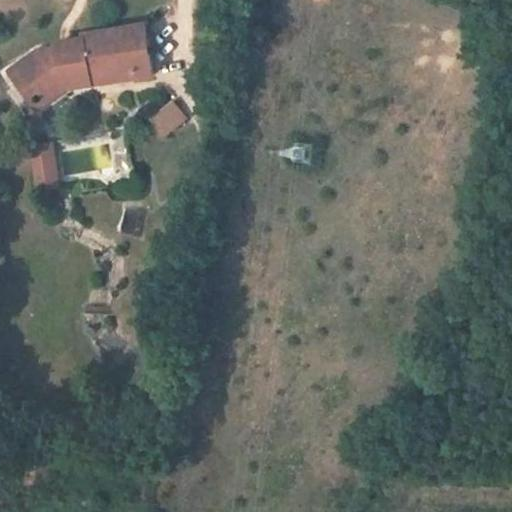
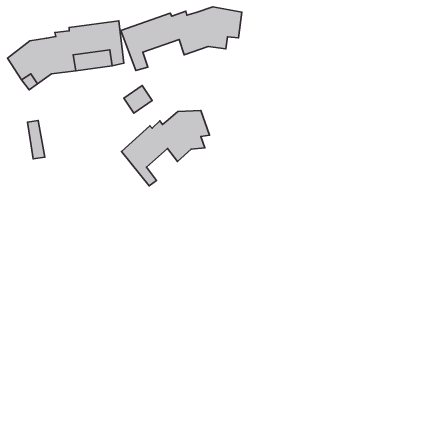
building: none -> [121,7,242,70]
building: none -> [121,111,209,186]

